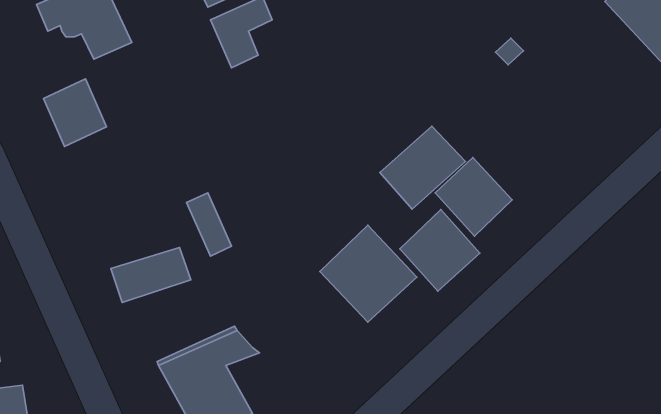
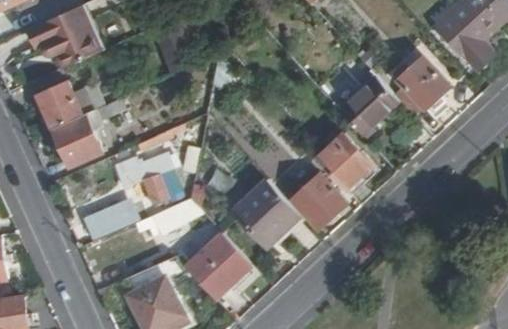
building: none -> [391,58,449,116]
building: none -> [51,99,119,166]
building: [380,126,466,209] -> [339,80,400,139]
building: none -> [152,198,204,234]
building: none -> [185,234,251,299]

